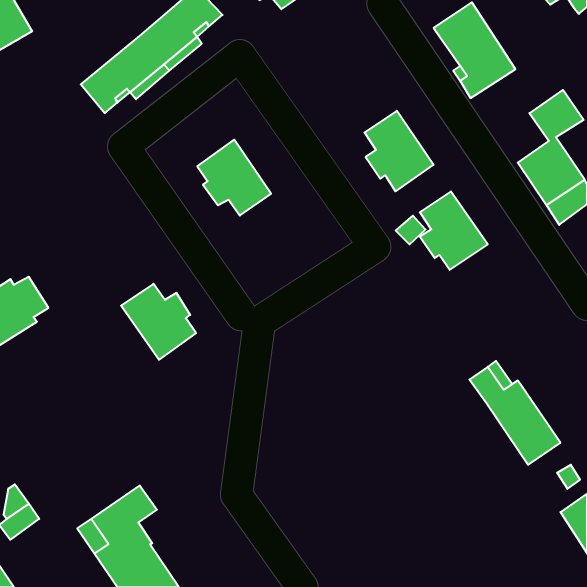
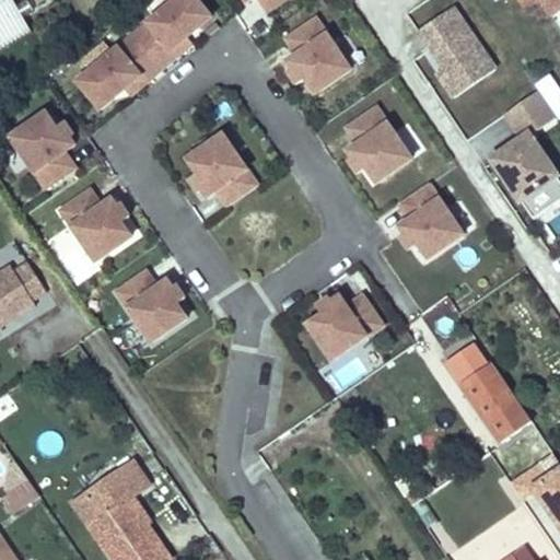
building: none -> [285,16,350,92]
building: none -> [10,115,80,186]
building: none -> [60,188,130,259]
building: none -> [307,293,383,359]

